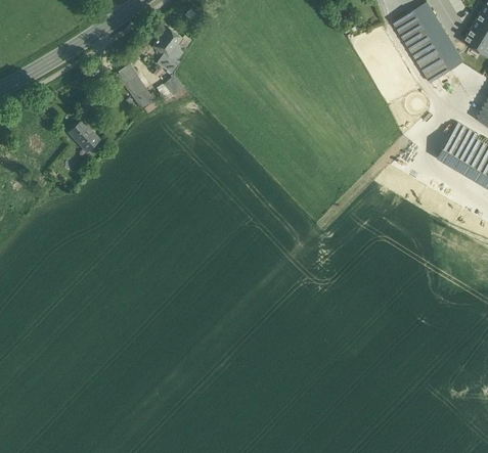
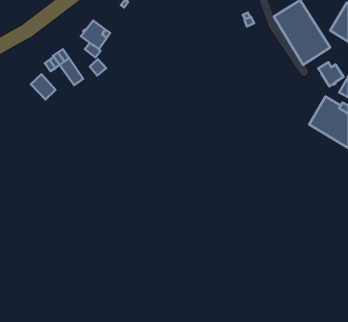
building: none -> [318,62,343,86]
building: [68,120,98,151] -> [31,74,55,100]

